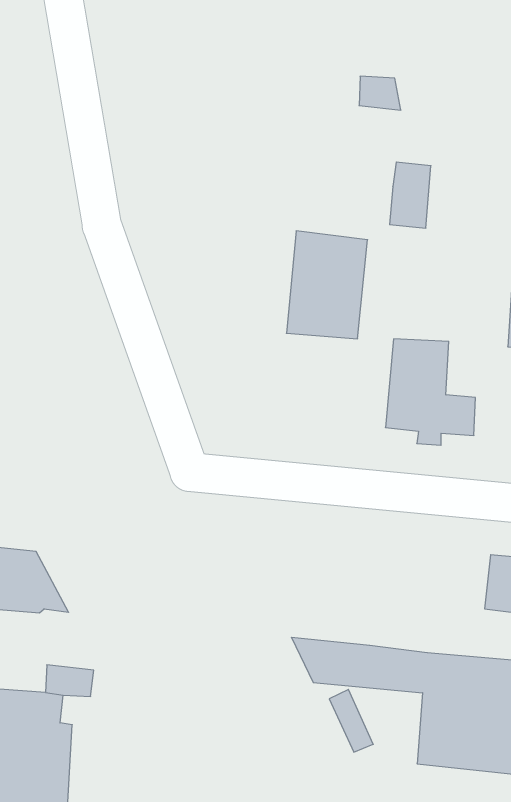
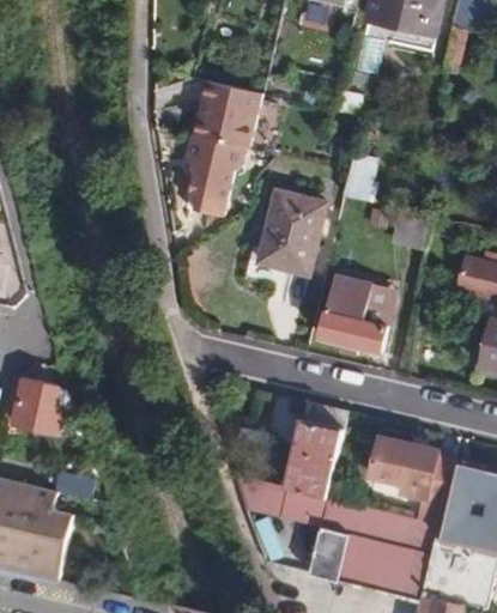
building: none -> [183,81,259,199]
building: none -> [286,402,346,499]

